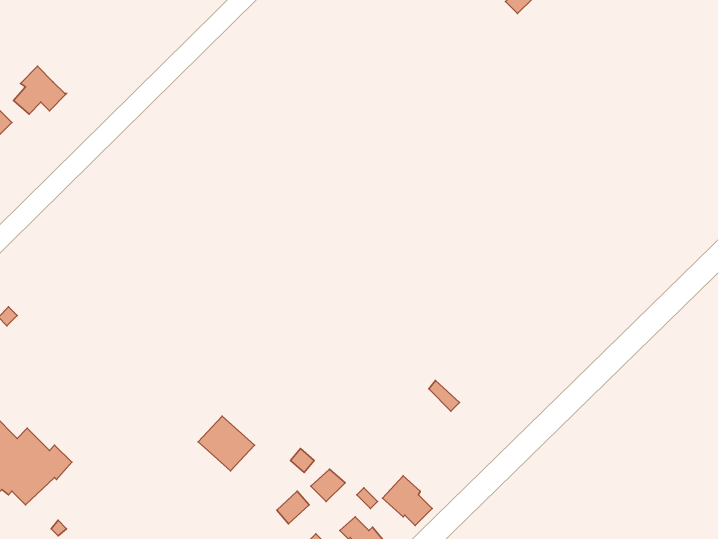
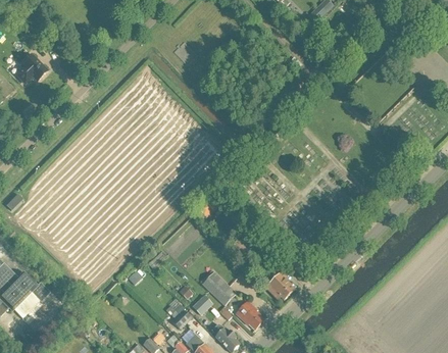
building: none -> [202,270,237,304]
building: none -> [263,271,294,299]

